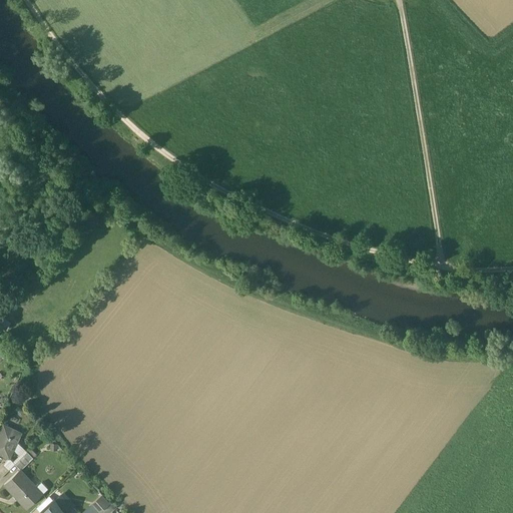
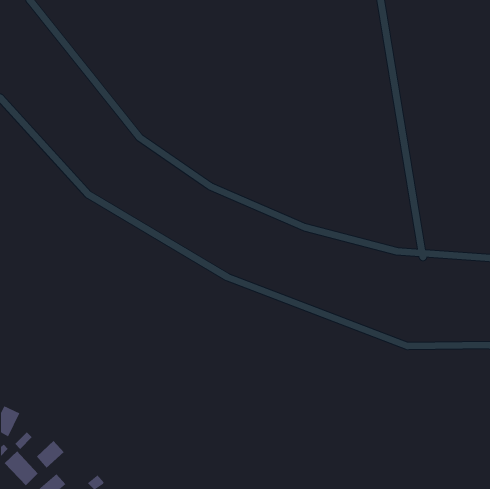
building: none -> [36,440,64,468]

